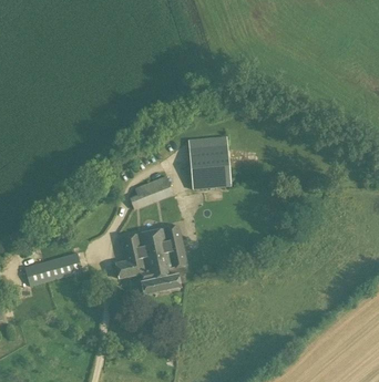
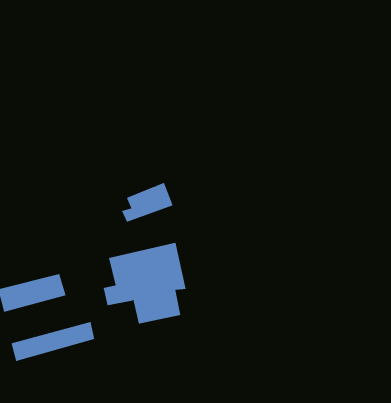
building: [188,135,231,192] -> none
building: none -> [11,321,95,362]

